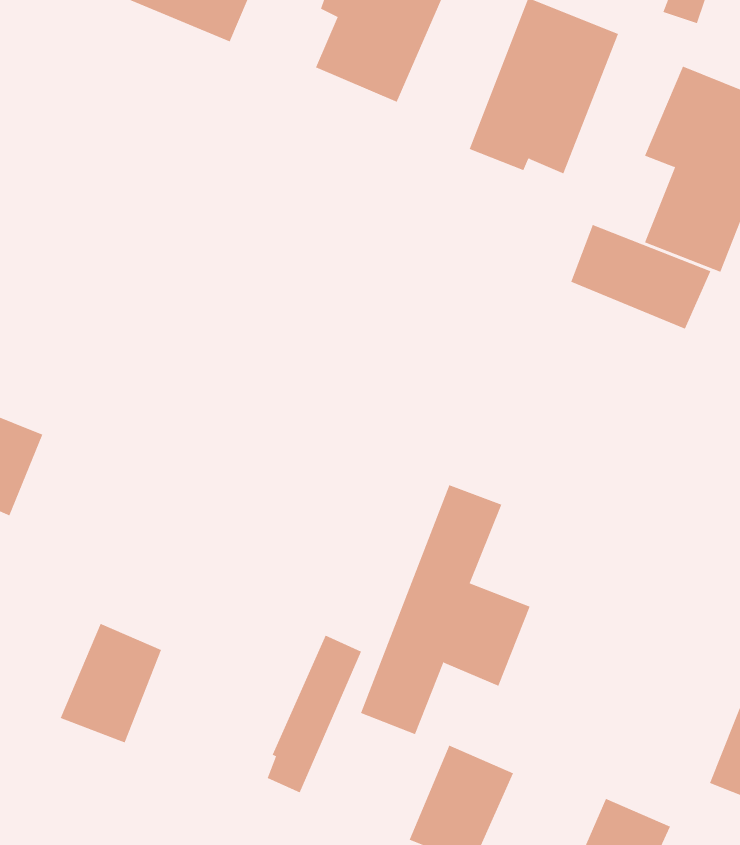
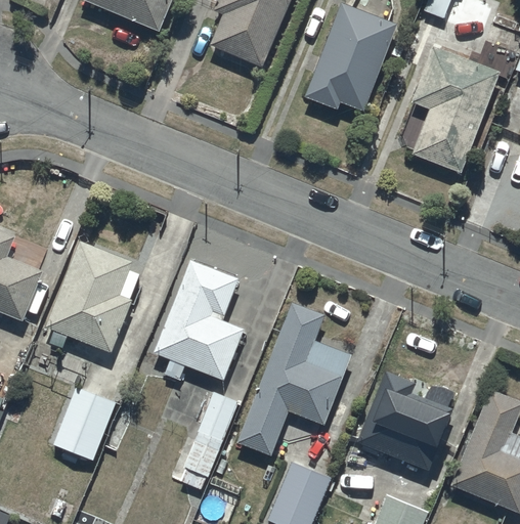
building: [571,224,711,330] -> none
building: none -> [46,242,140,353]
building: none -> [153,260,245,382]
building: none -> [356,369,454,471]

